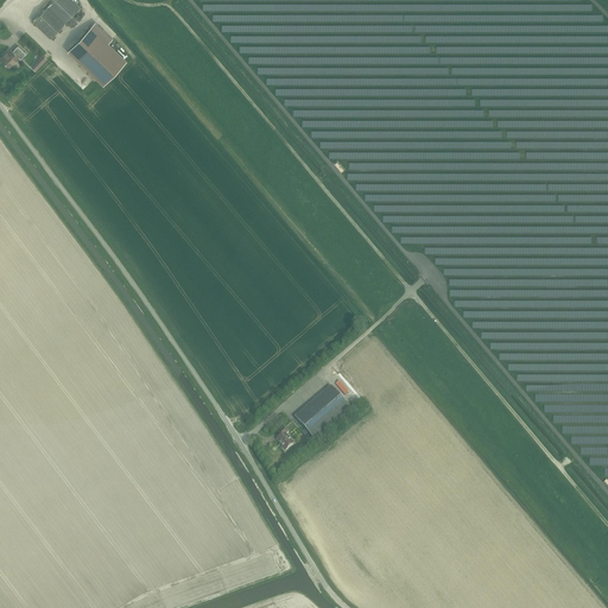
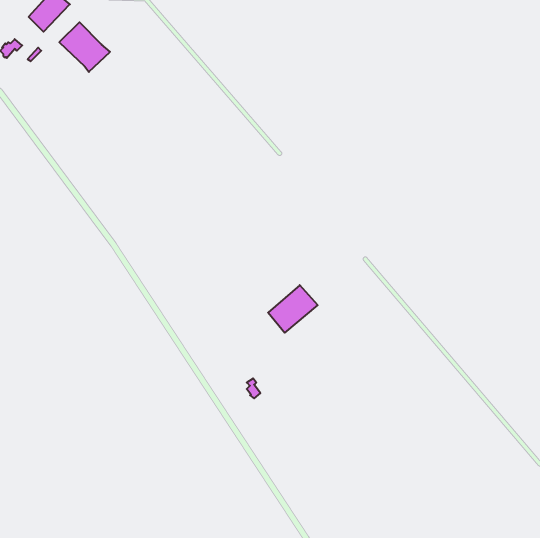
building: [294,385,350,438] -> [268,285,318,333]

